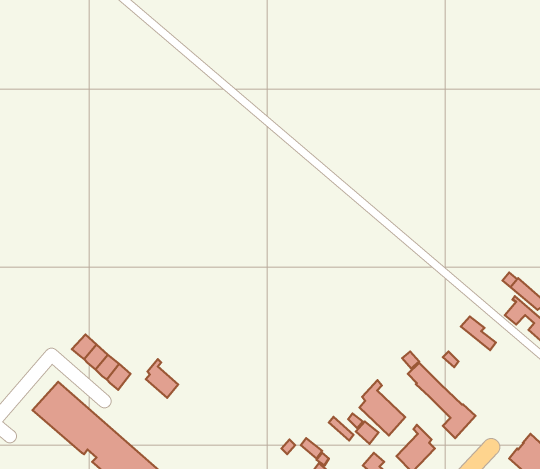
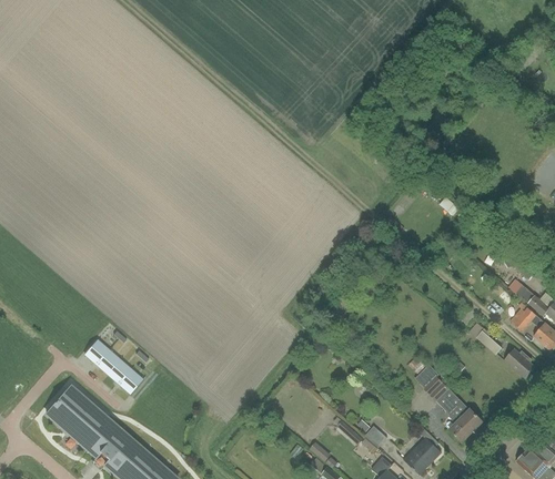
building: none -> [505,348,536,377]
building: [146,359,178,398] -> none
building: [359,380,405,435] -> none

